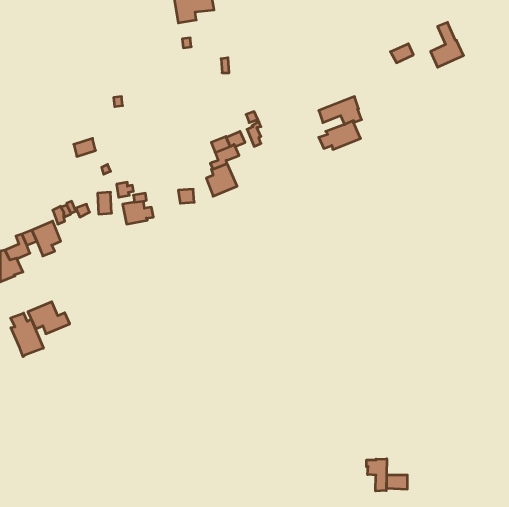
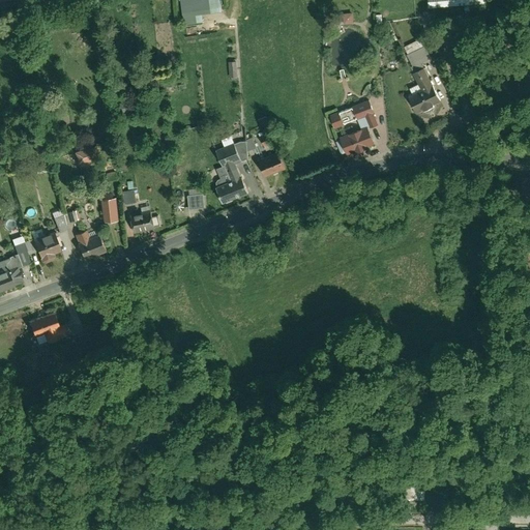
building: [431,22,464,67] -> [406,66,440,113]
building: none -> [256,151,284,179]
building: none -> [77,230,106,260]
building: [11,313,43,357] -> none
building: [367,459,387,491] -> none

